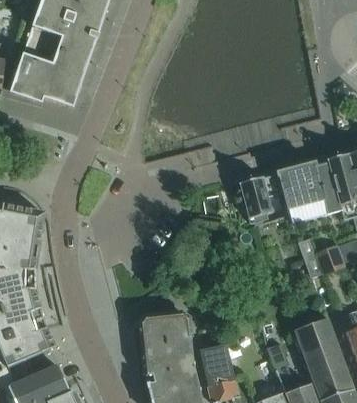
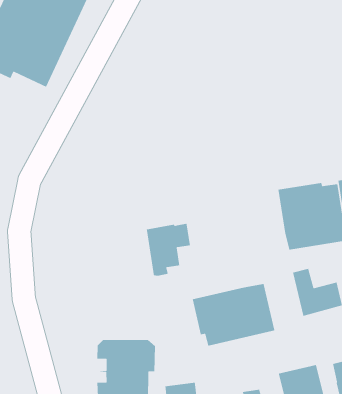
building: [239,174,279,222] -> [145,223,191,276]
building: none -> [192,283,289,348]

